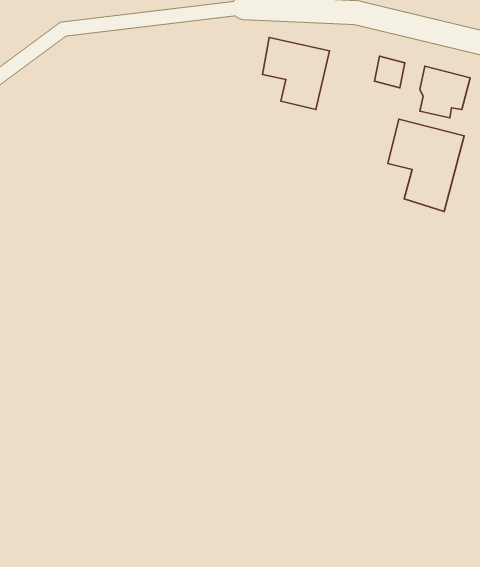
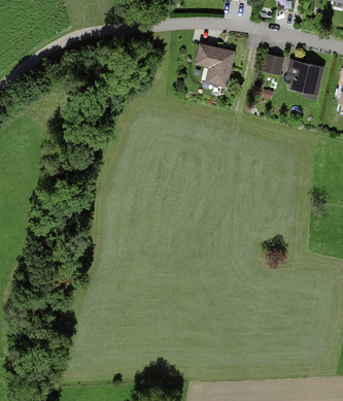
building: [388,119,464,211] -> none

